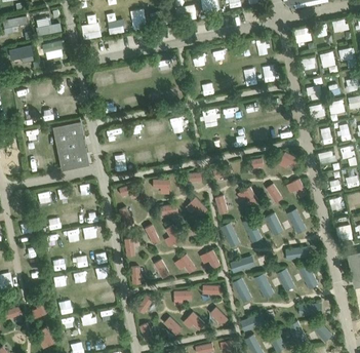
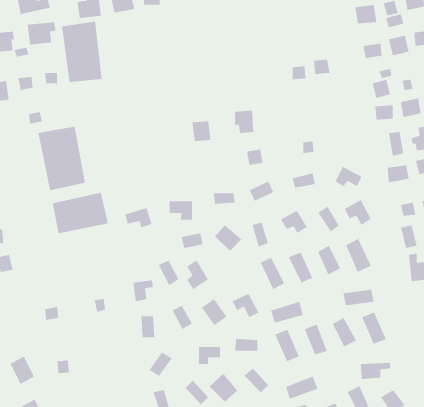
building: none -> [61,21,103,83]
building: none -> [52,192,109,234]

